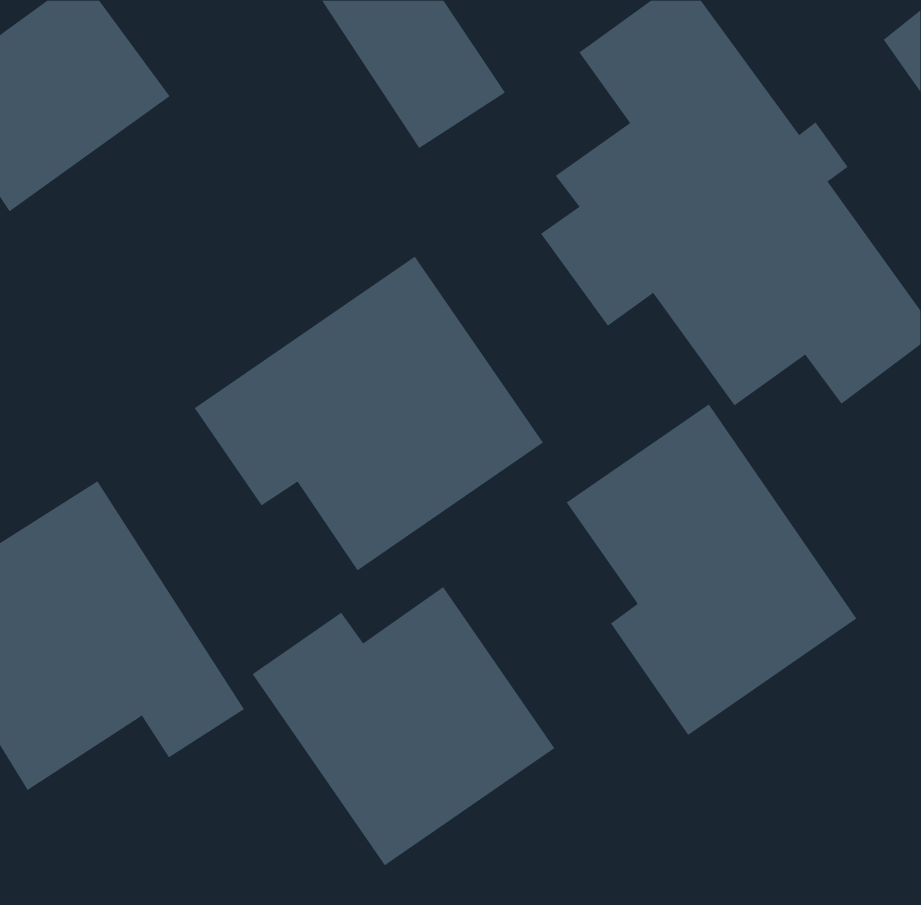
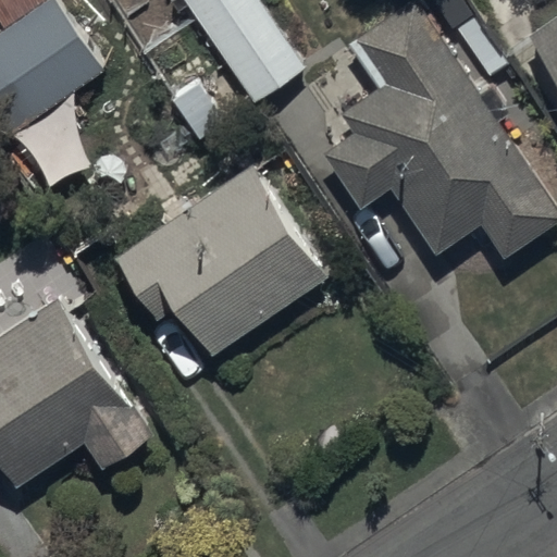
building: [566,404,857,736] -> none
building: [252,586,555,866] -> none

